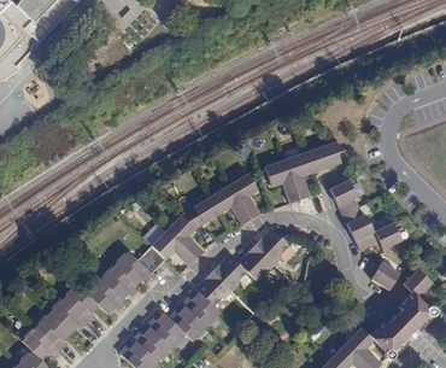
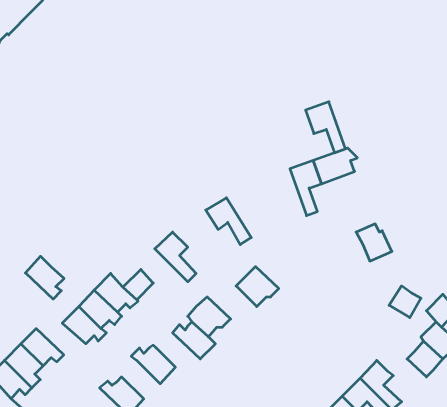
building: [264,159,299,204] -> [306,102,346,153]
building: [229,174,259,220] -> none
building: [330,180,359,215] -> none
building: [182,195,222,228] -> none
building: [354,222,401,251] -> none
building: [254,228,289,264] -> none
building: [152,229,195,267] -> none
building: [212,253,247,291] -> none
building: [63,285,96,322] -> [25,256,64,299]
building: [168,306,206,340] -> none
building: [370,322,404,360] -> none
building: [133,327,171,361] -> none

